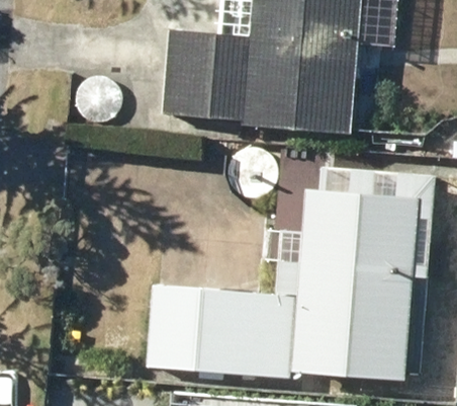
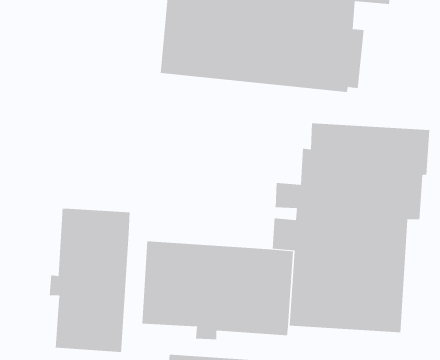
building: none -> [49,208,130,353]

